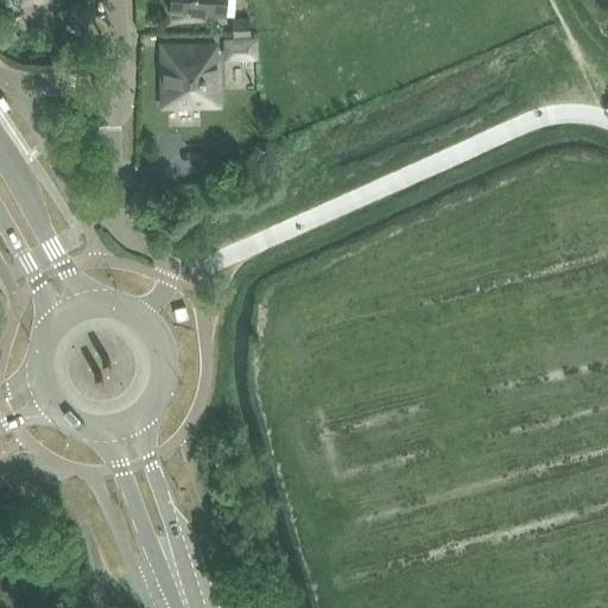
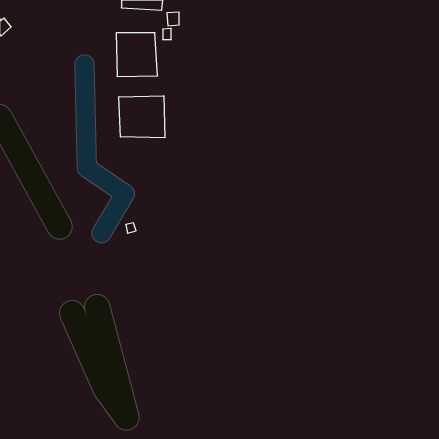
building: none -> [119,96,165,138]

